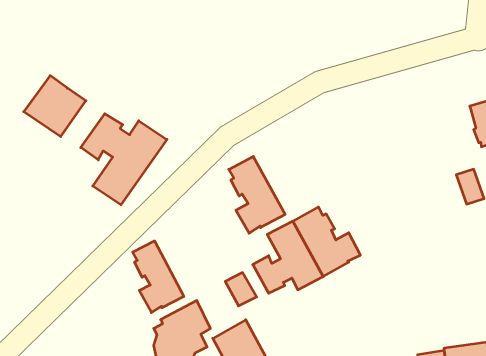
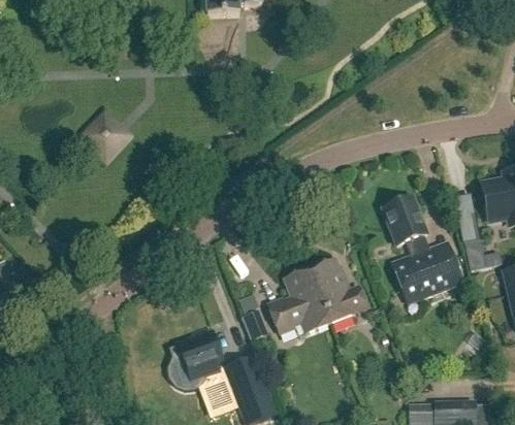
building: [81,114,167,205] -> none
building: none -> [384,197,463,302]
building: [229,156,285,233] -> none
building: [133,241,184,313] -> none

